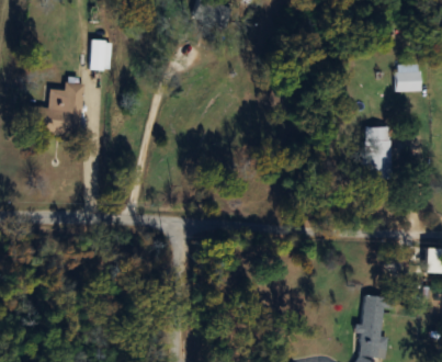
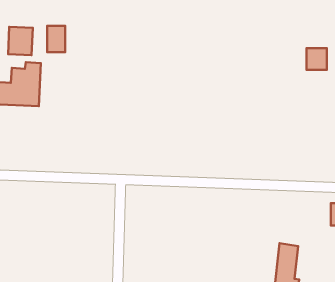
building: none -> [8,27,33,55]
building: [363,127,389,177] -> none

